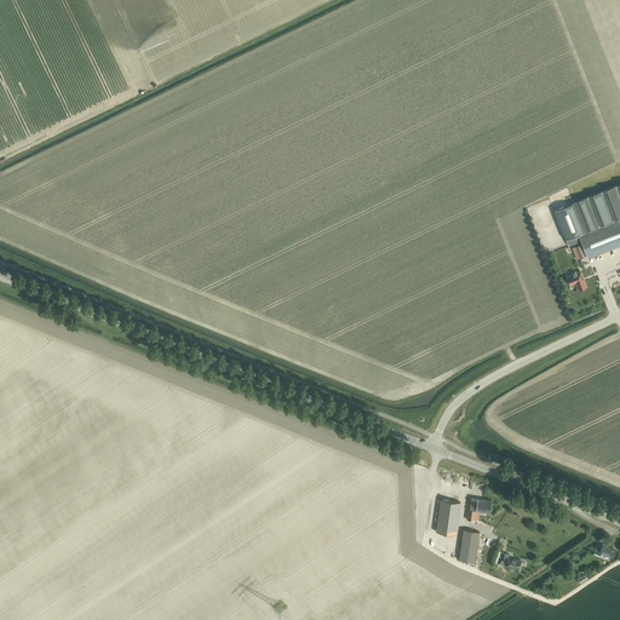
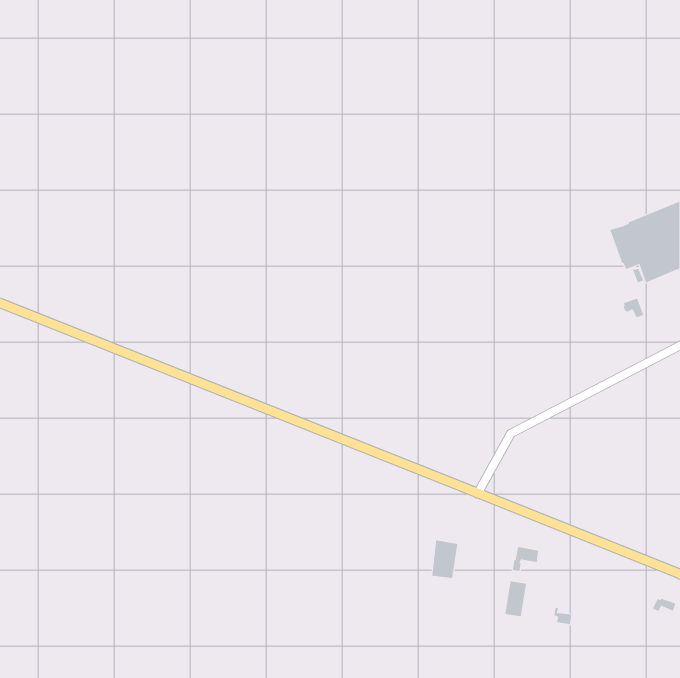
building: [436,500,460,535] -> [432,540,458,578]

